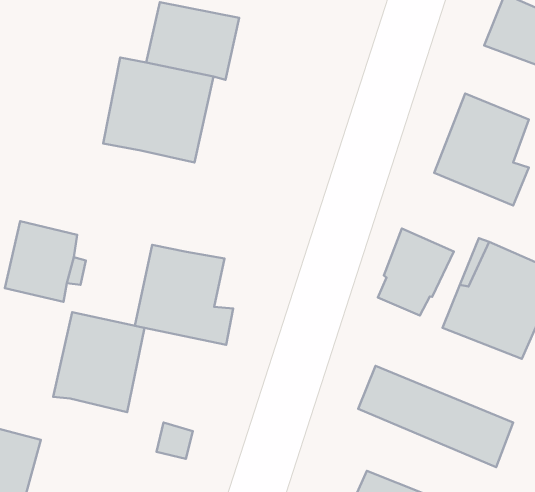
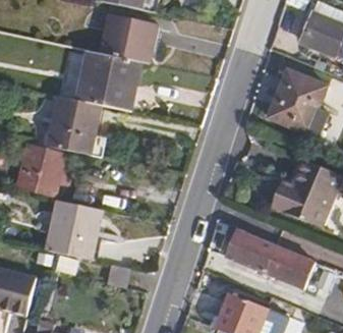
building: [378,229,454,315] -> none
building: [135,245,233,345] -> [44,96,102,155]

